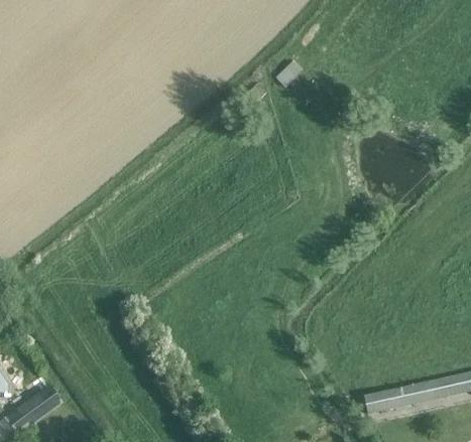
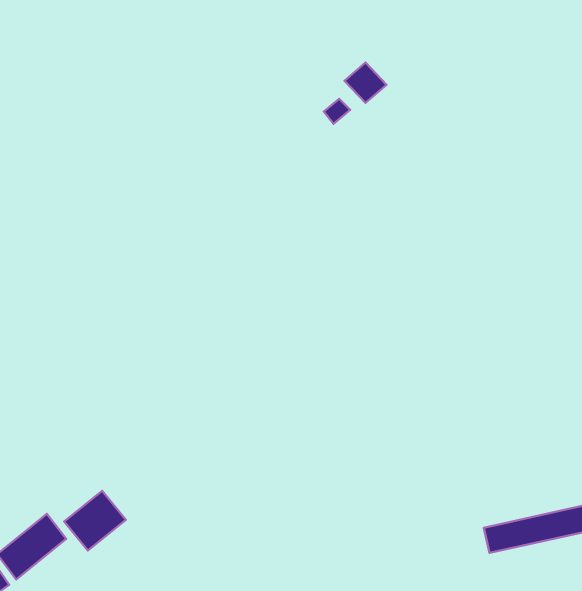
building: none -> [64,491,126,550]

